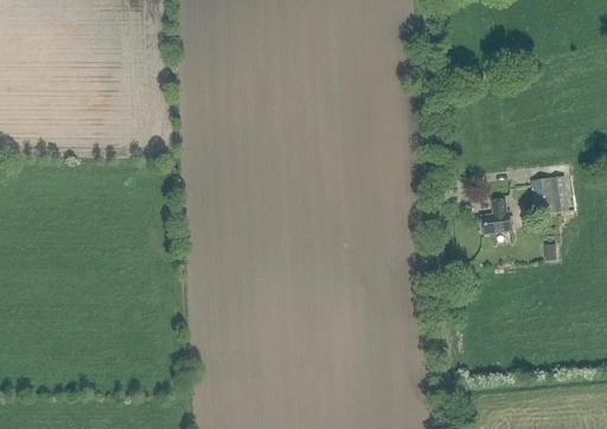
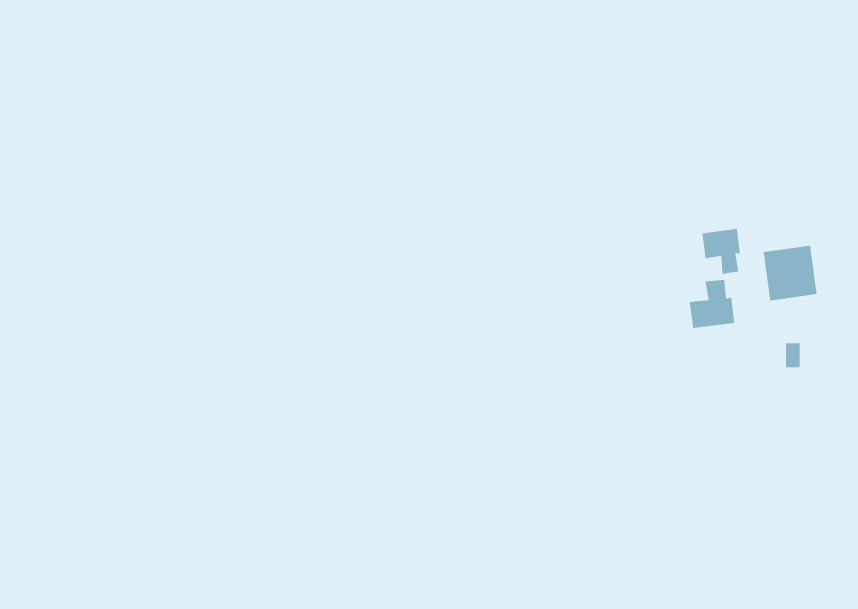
building: none -> [701,228,741,275]

